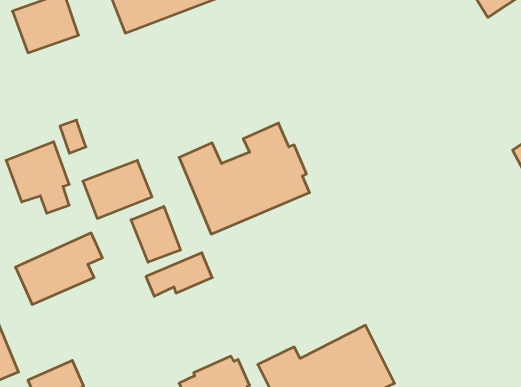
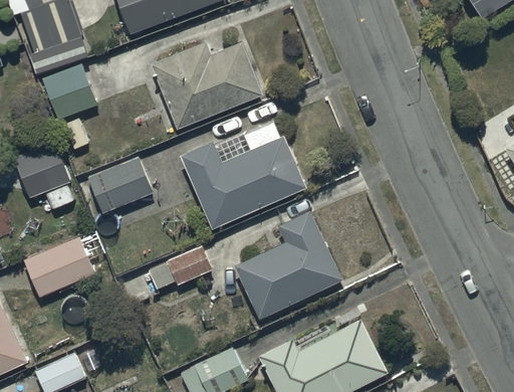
building: none -> [150,41,260,131]
building: none -> [41,63,98,121]
building: [131,206,181,262] -> none
building: none -> [233,209,343,320]

